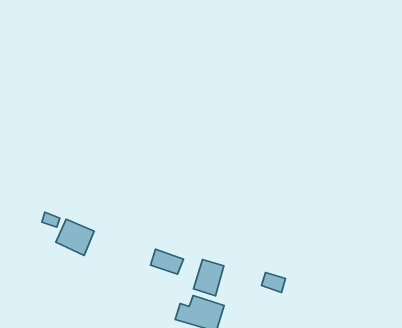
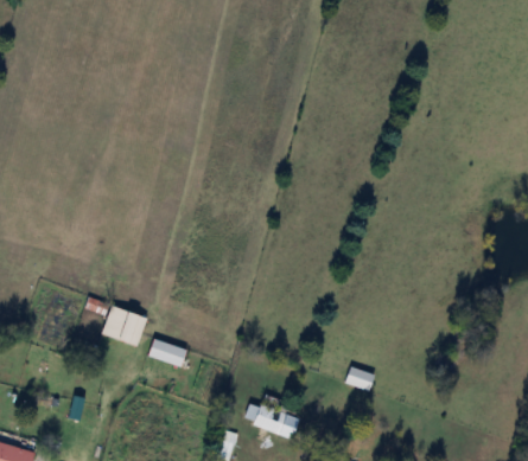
building: [150,249,184,274] -> [148,338,187,367]
building: [194,260,224,296] -> none

